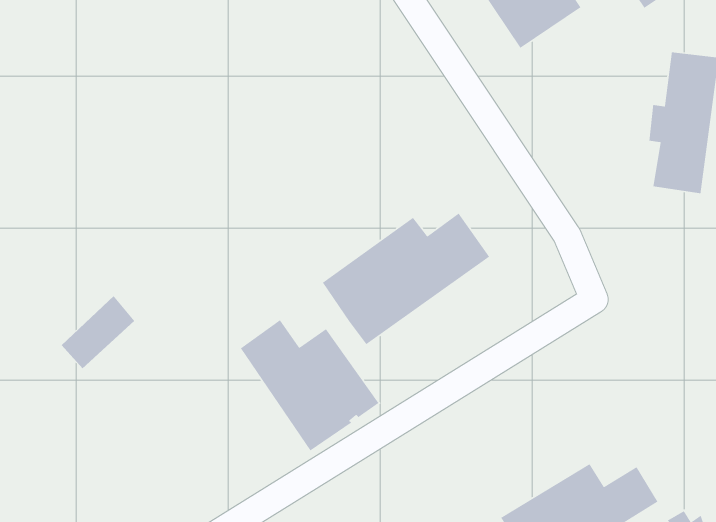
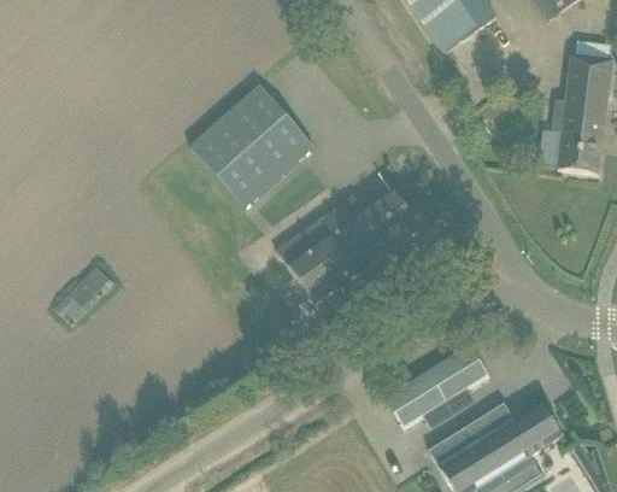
building: none -> [189,83,313,207]
building: [240,319,380,451] -> none
building: none -> [383,346,488,430]

